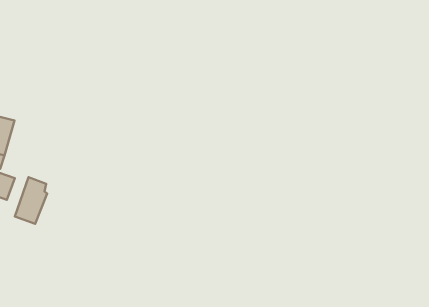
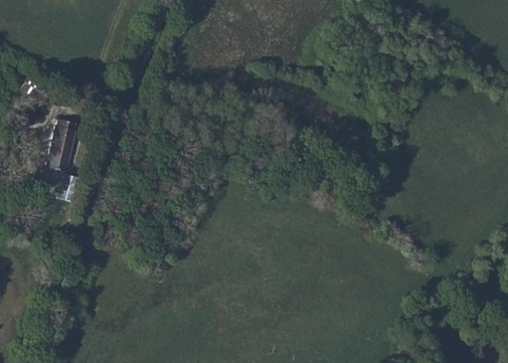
building: [15,177,47,224] -> none

